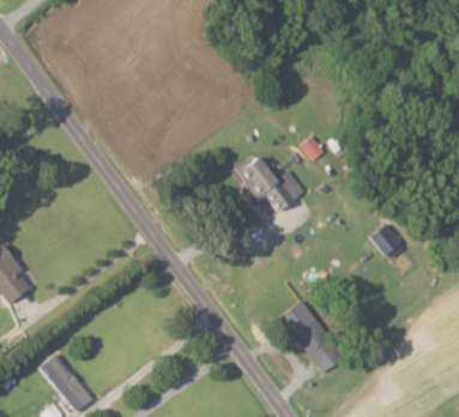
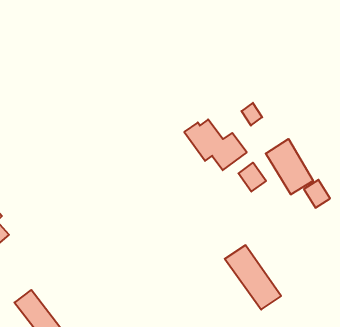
building: none -> [266,139,313,195]
building: none -> [238,163,266,192]

